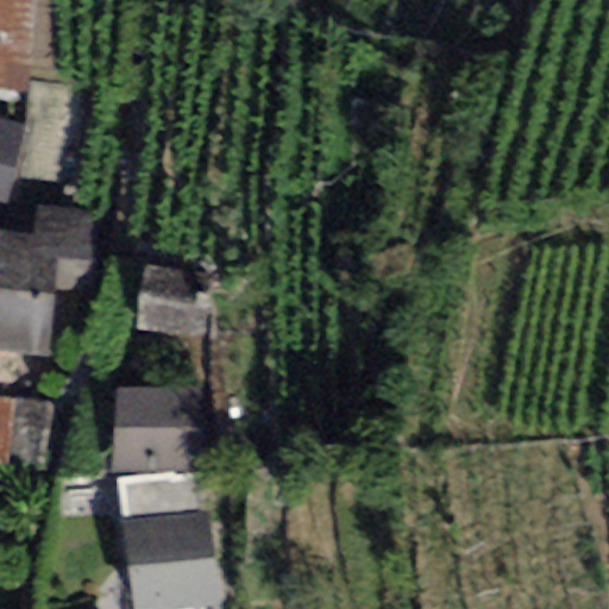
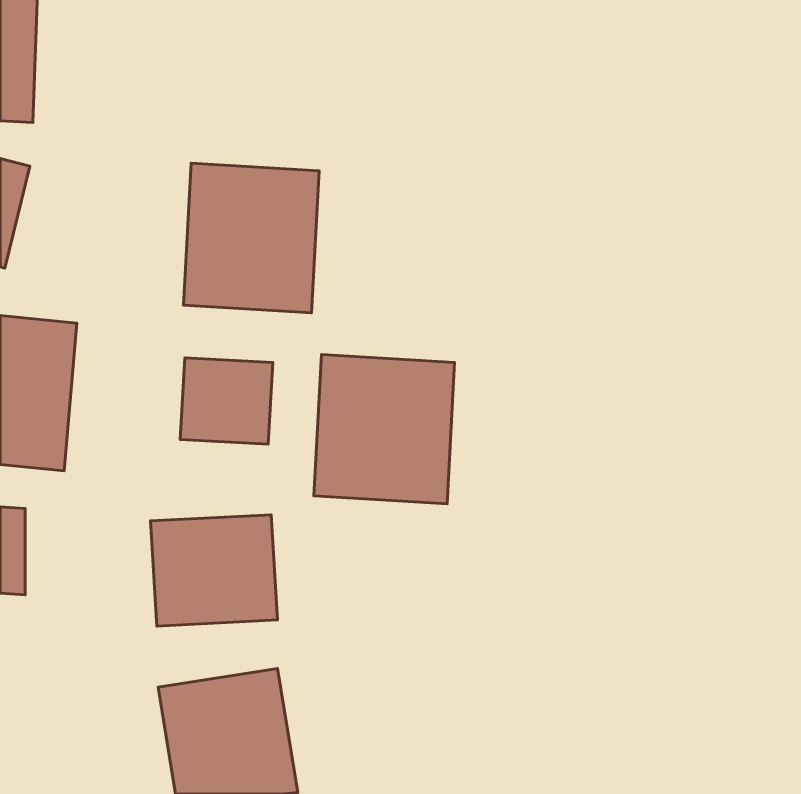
building: none -> [184,163,319,313]
building: none -> [314,354,455,504]

